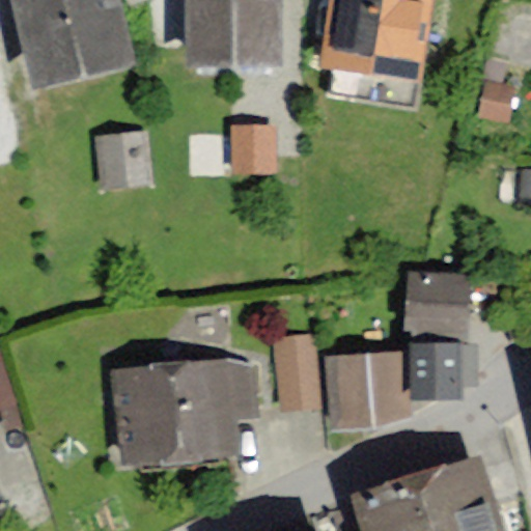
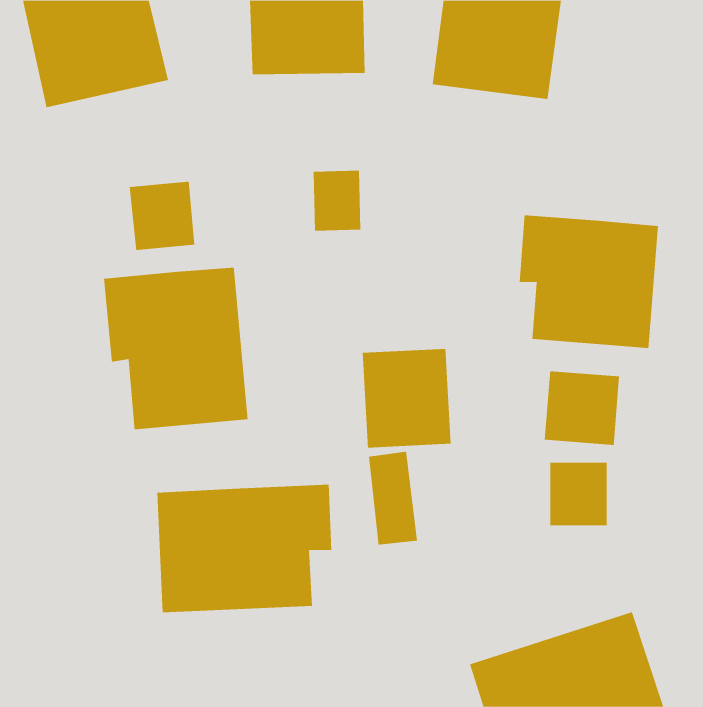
building: none -> [519,214,659,349]
building: none -> [104,267,248,430]
building: [330,357,397,431] -> [362,348,452,448]

